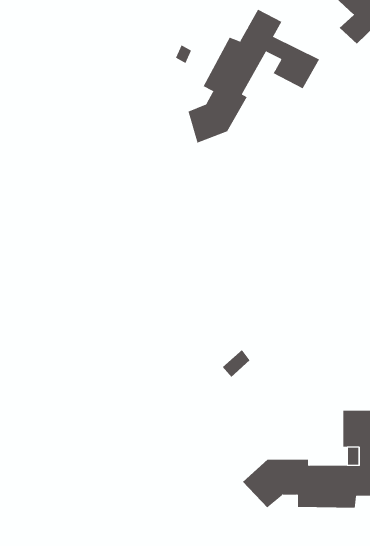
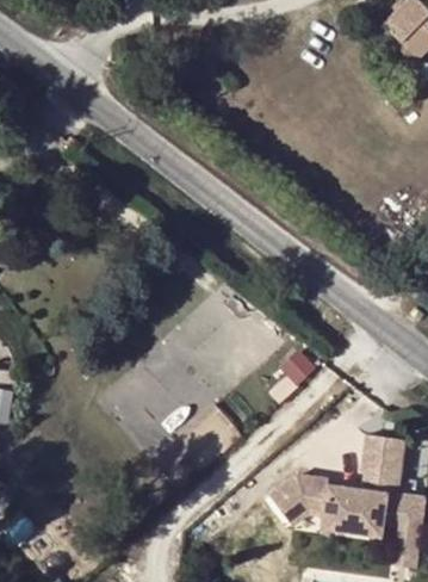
building: [188,9,320,143] -> none

